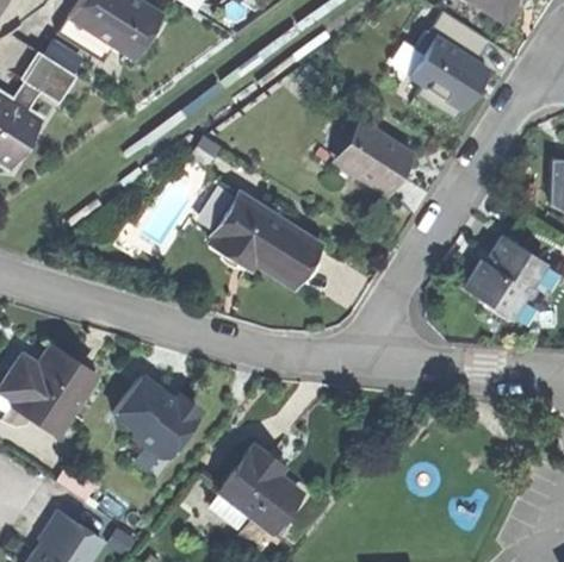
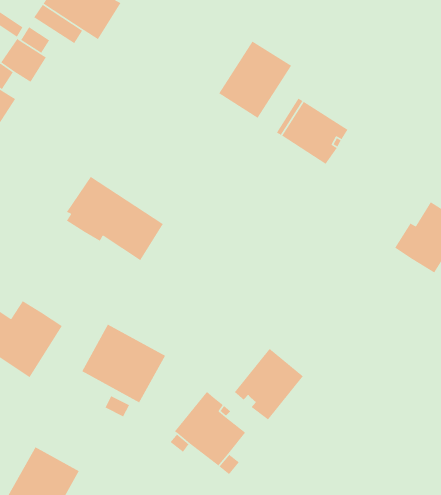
building: [408,15,496,119] -> none
building: none -> [218,40,292,119]
building: [209,192,318,287] -> [66,176,164,261]
building: none -> [234,348,304,420]

